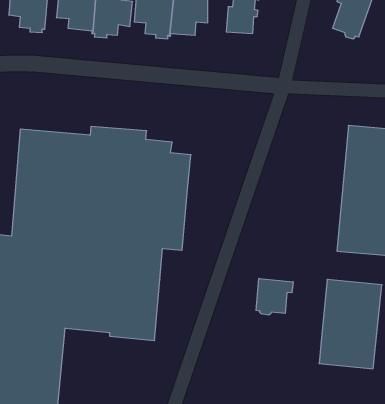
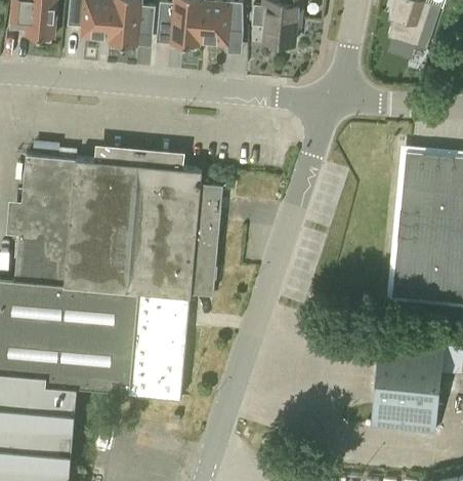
building: [256,278,293,315] -> none

